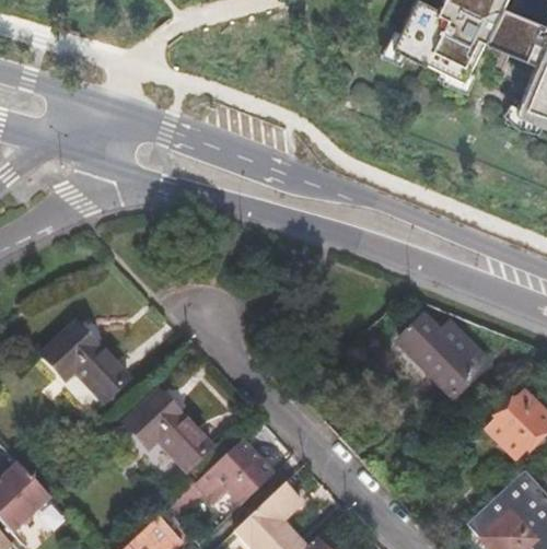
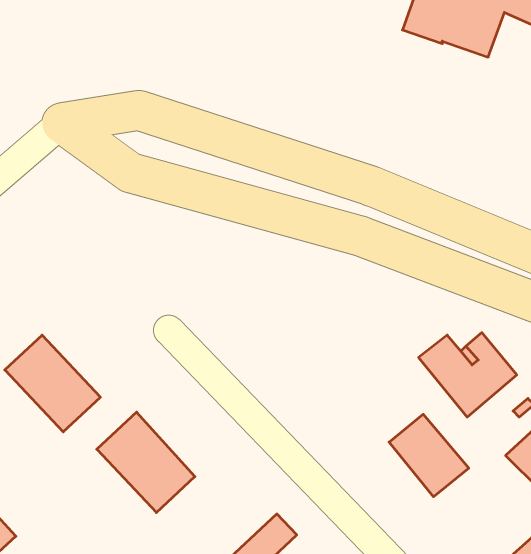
building: none -> [389,414,469,497]
building: [187,436,275,501] -> none

